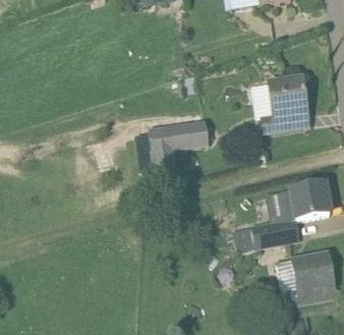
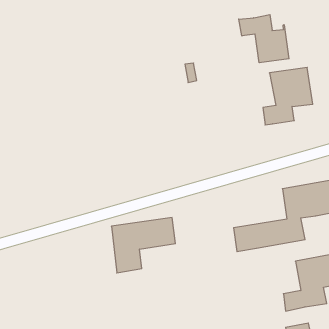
building: none -> [239,15,289,63]
building: [149,118,209,170] -> [111,218,175,273]

